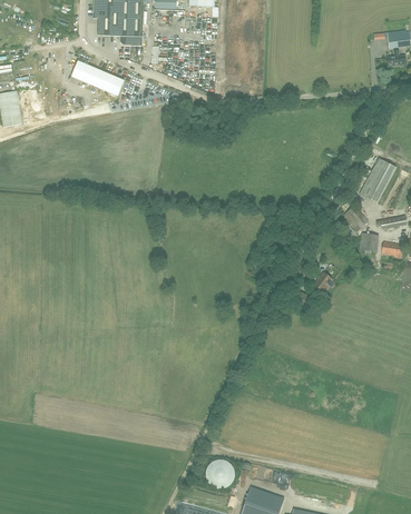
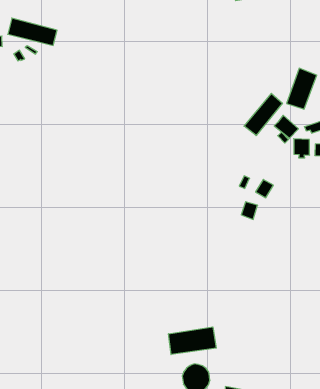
building: none -> [244,93,282,136]
building: none -> [169,327,216,355]

